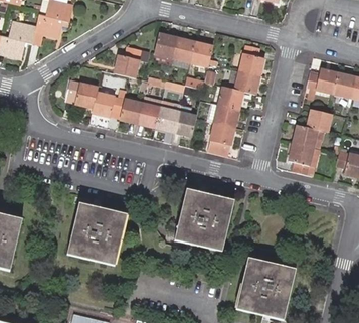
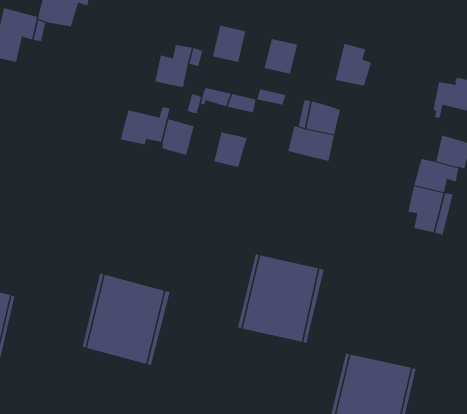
building: [174,38,196,63] -> none
building: [234,71,259,94] -> none
building: [67,79,100,107] -> none
building: [139,97,164,127] -> none
building: [174,107,199,136] -> none
building: [208,122,235,154] -> none

